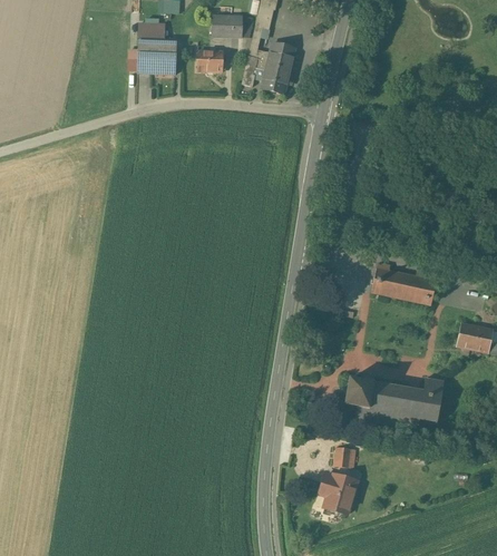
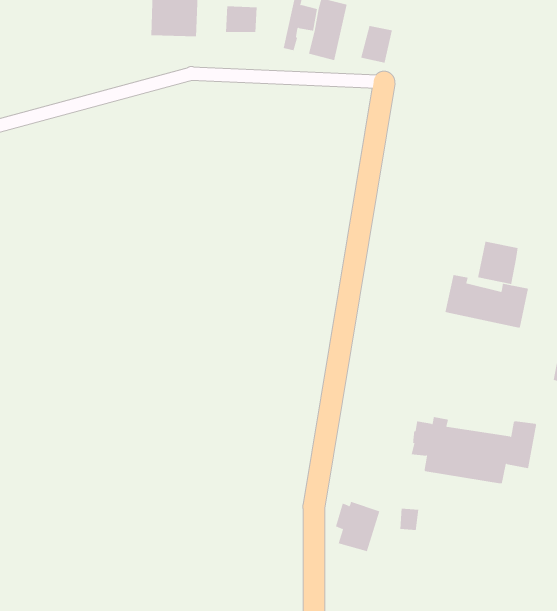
building: none -> [361,25,393,63]
building: none -> [477,241,518,285]
building: [321,472,357,513] -> [335,501,380,552]

